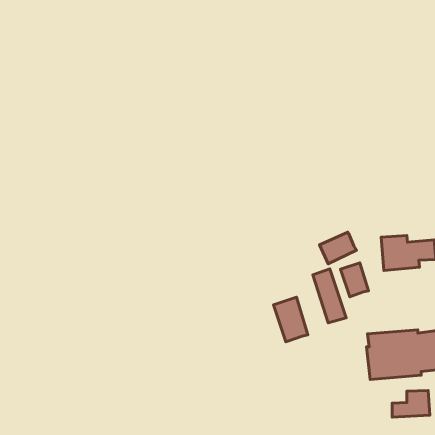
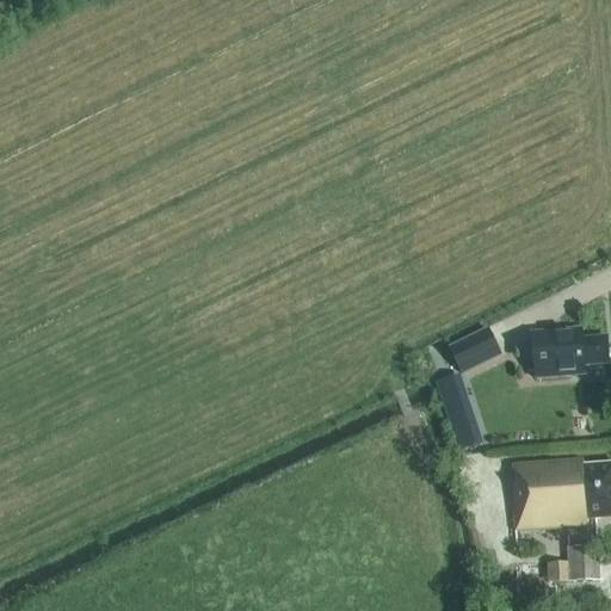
building: [341,263,368,297] -> none
building: [273,297,308,342] -> none

